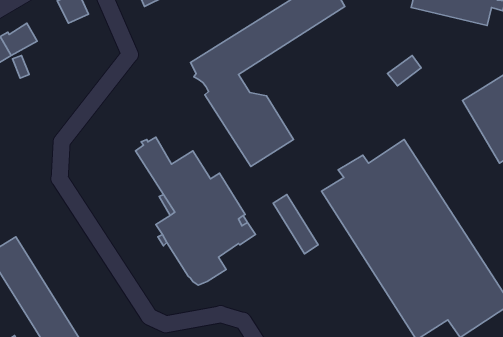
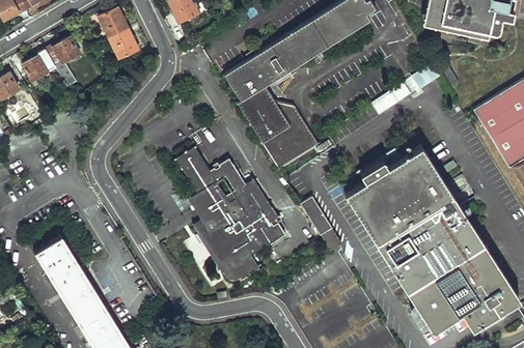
building: none -> [110,31,138,60]

